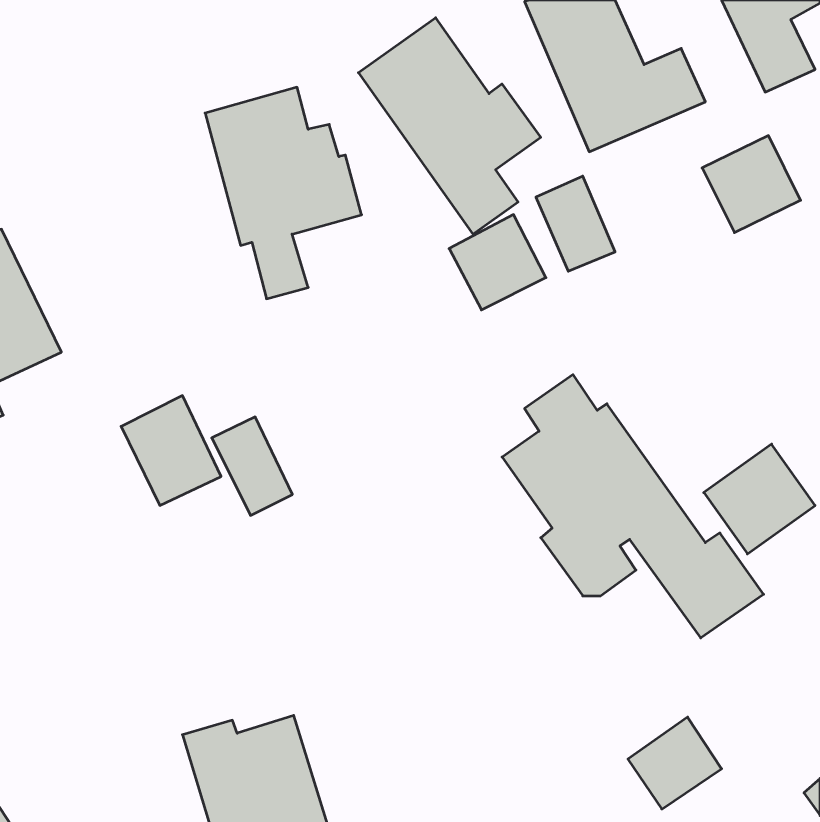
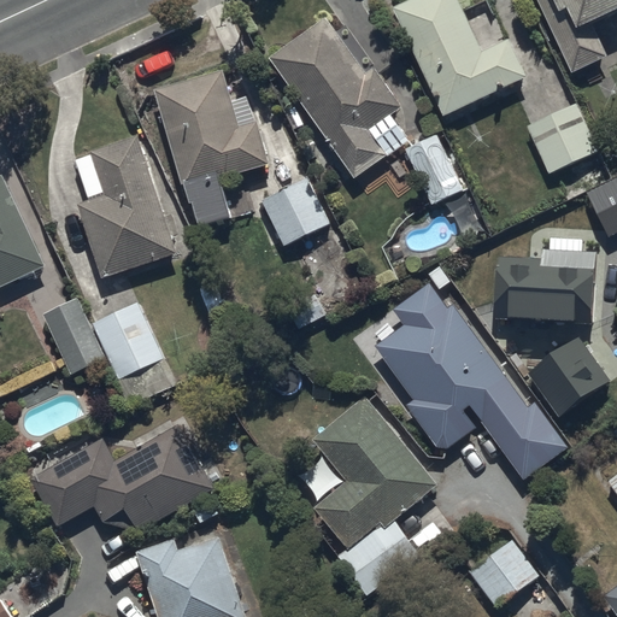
building: none -> [77,135,177,277]
building: [449,215,546,310] -> [258,175,330,246]
building: none -> [498,249,595,329]
building: [212,417,292,515] -> [43,296,104,370]
building: none -> [313,395,436,590]
building: none -> [28,423,212,528]

